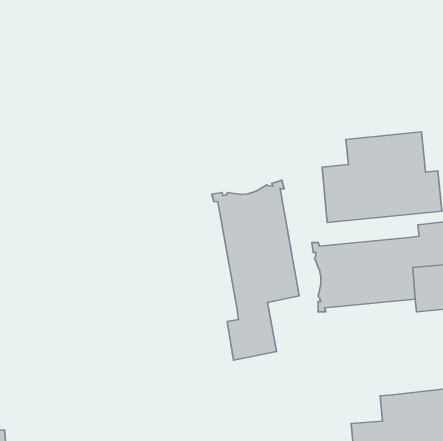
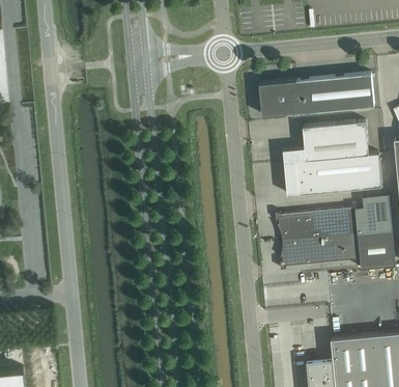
building: none -> [260,74,375,117]
building: [212,180,299,360] -> none

